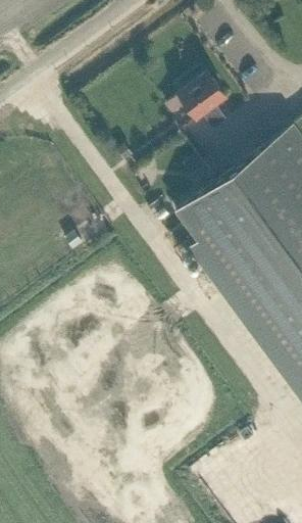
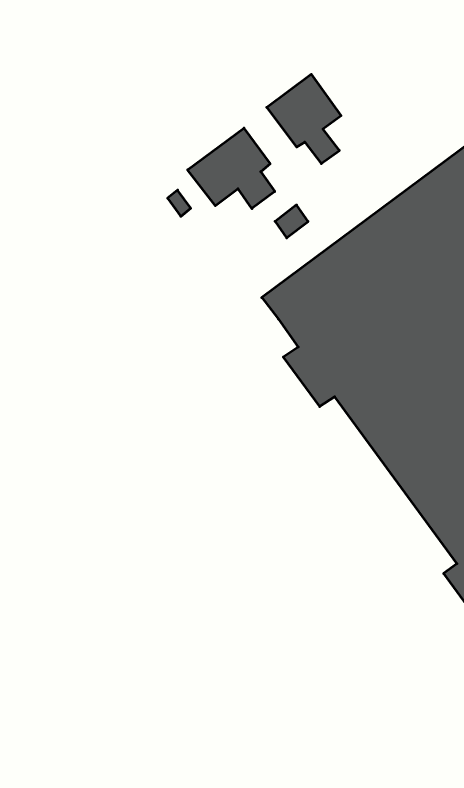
building: none -> [188,128,275,209]

